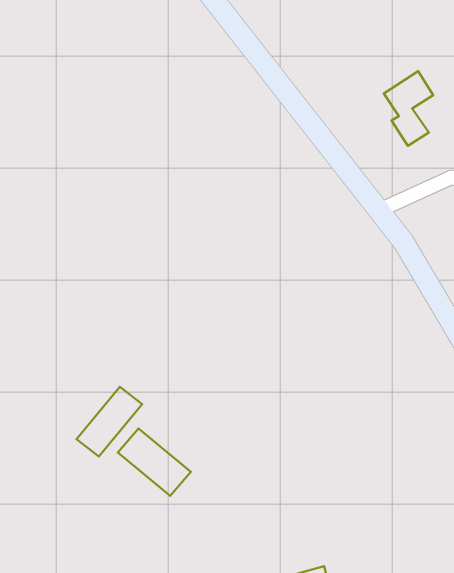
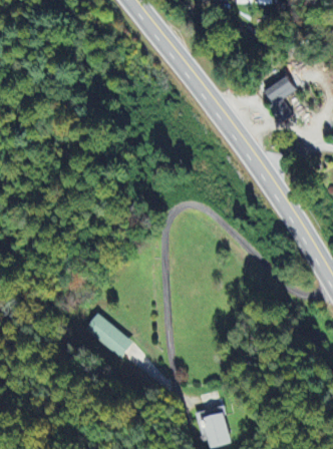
building: [77,387,142,457] -> none

